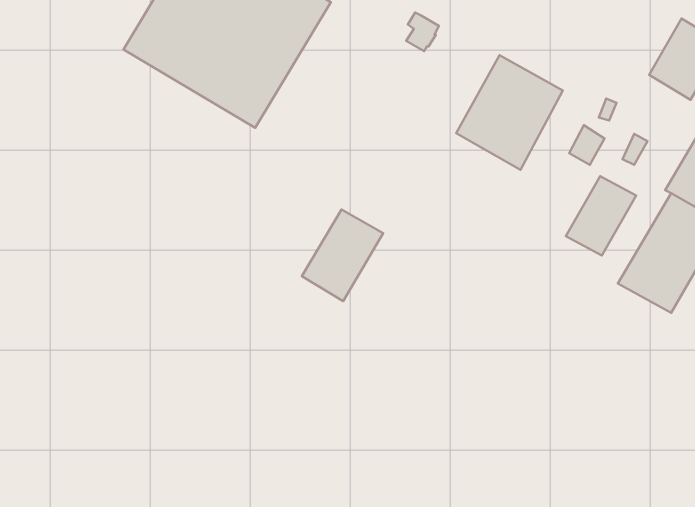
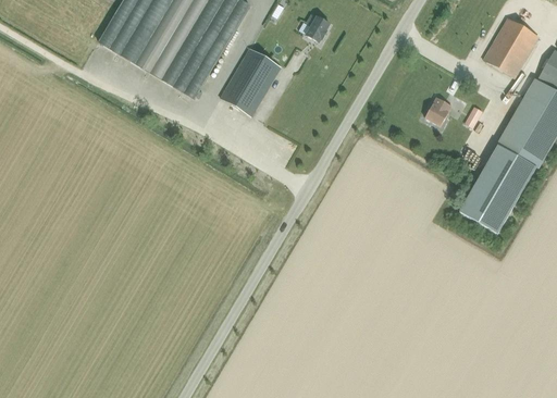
building: [456,55,563,170] -> none
building: [566,176,636,256] -> none
building: [302,210,383,301] -> [220,48,280,115]

